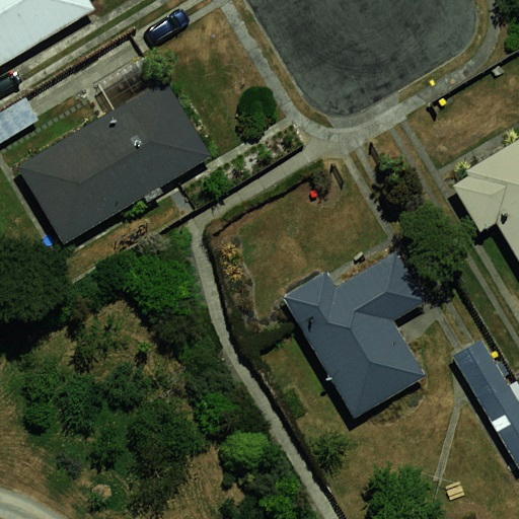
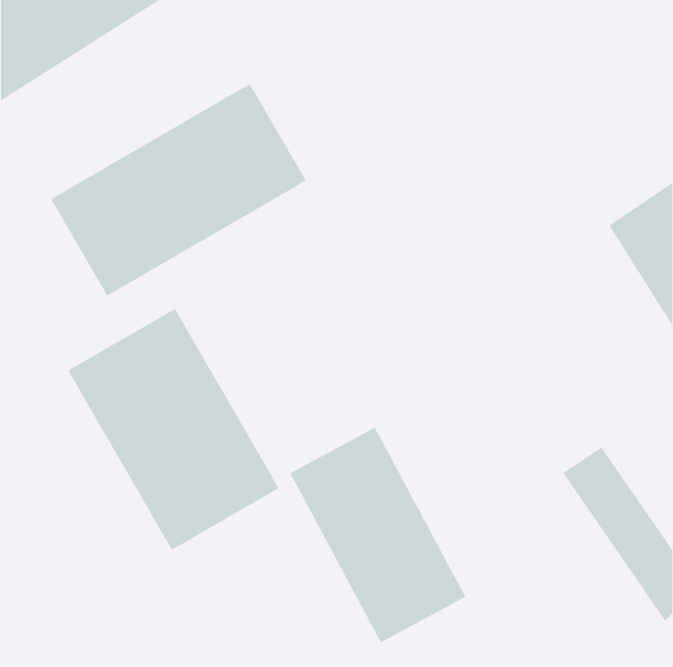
building: none -> [67,308,280,551]
building: [286,256,422,423] -> [290,427,466,643]

